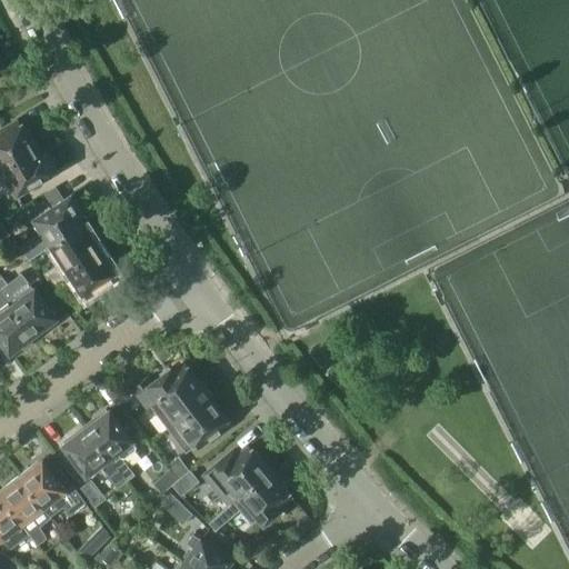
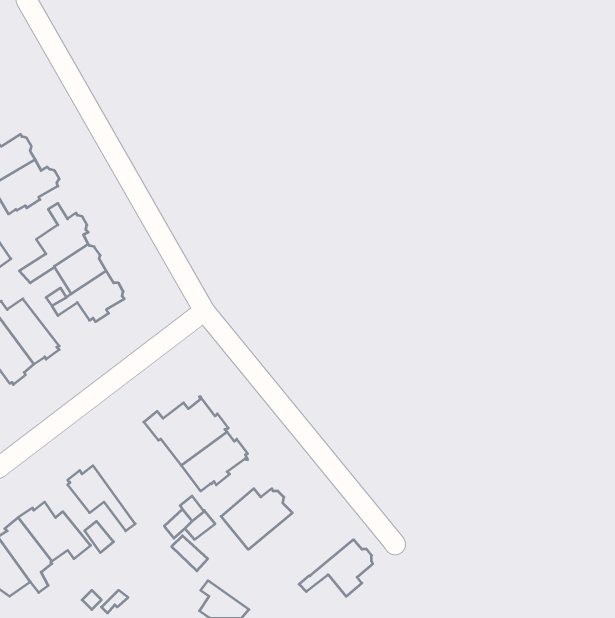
building: [86,408,139,481] -> none
building: [219,471,287,523] -> [299,540,373,596]

